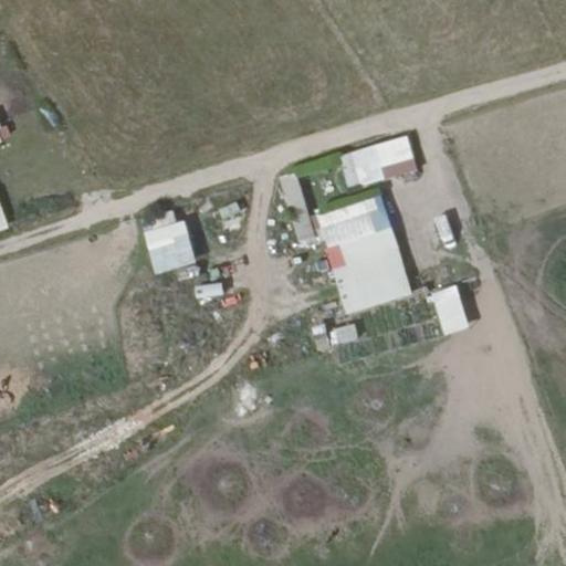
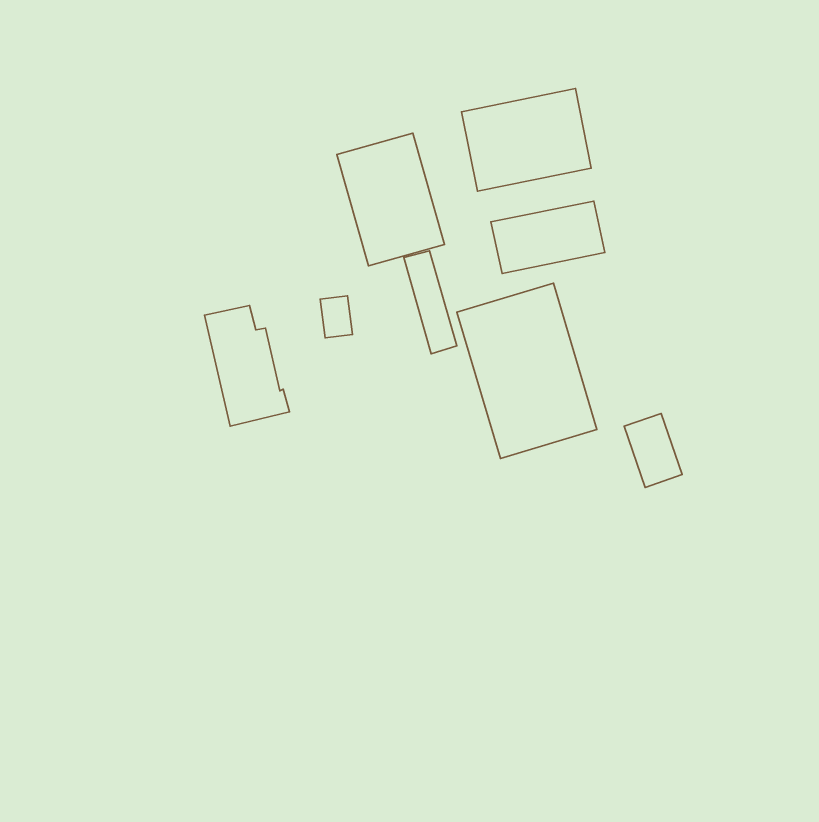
building: none -> [462,89,591,191]
building: none -> [337,133,444,266]

